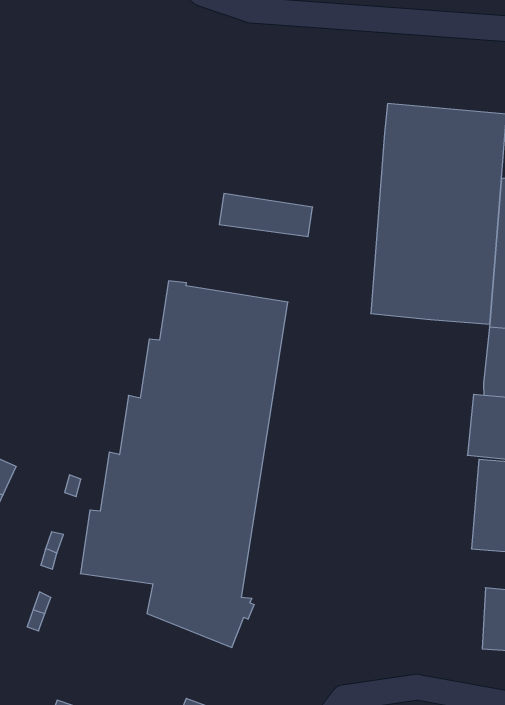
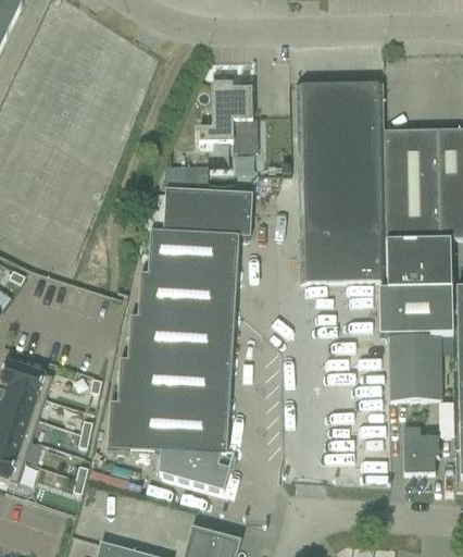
building: none -> [199,81,258,149]
building: none -> [163,187,252,235]
building: none -> [299,236,386,282]

